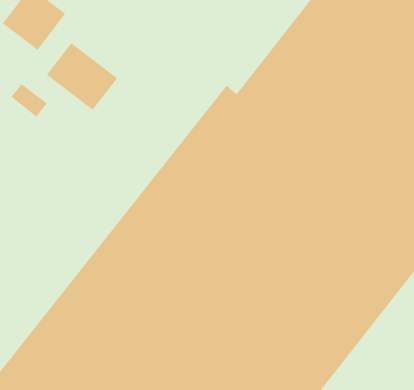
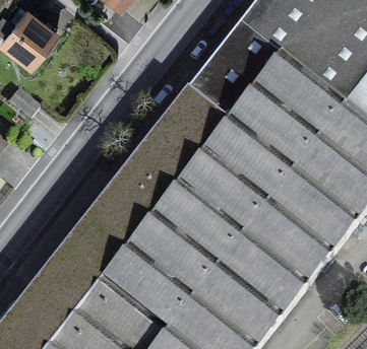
building: [46,42,118,111] -> none

